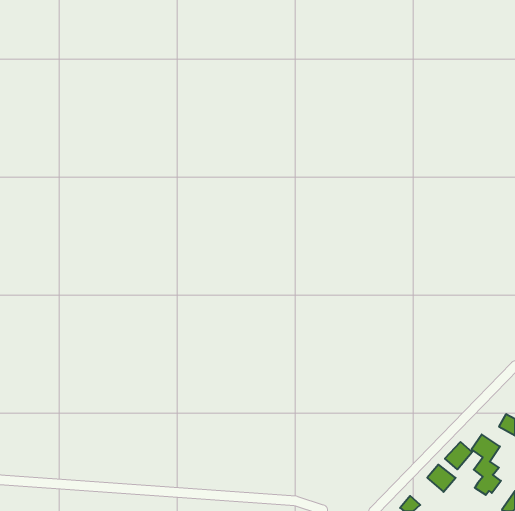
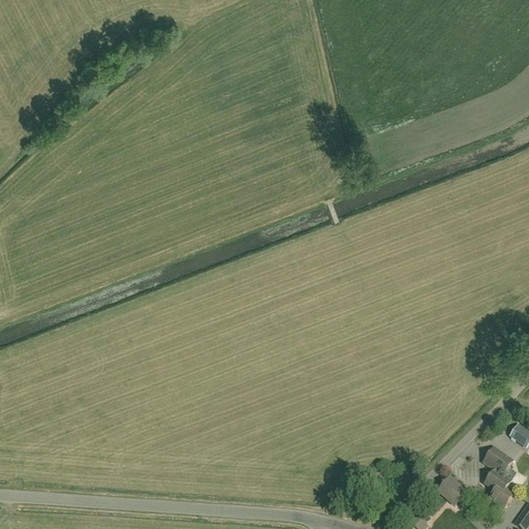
building: [445,442,472,469] -> none

